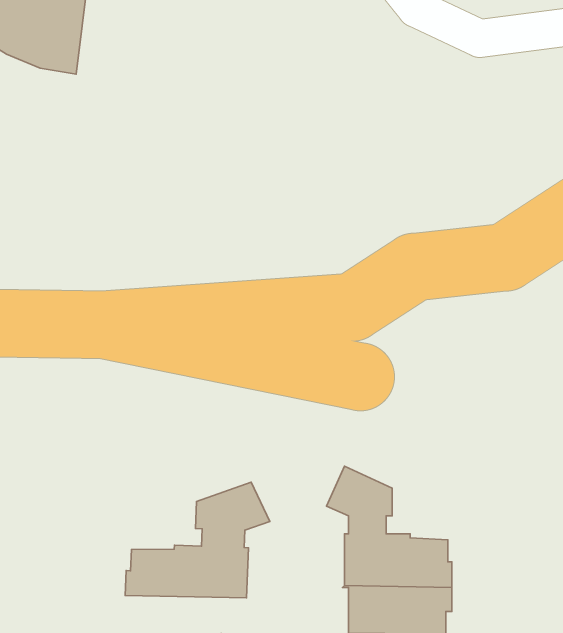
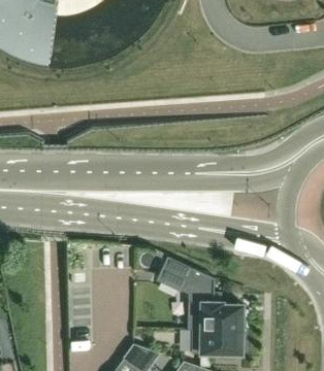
building: none -> [157,258,190,292]
building: [125,482,270,598] -> none

